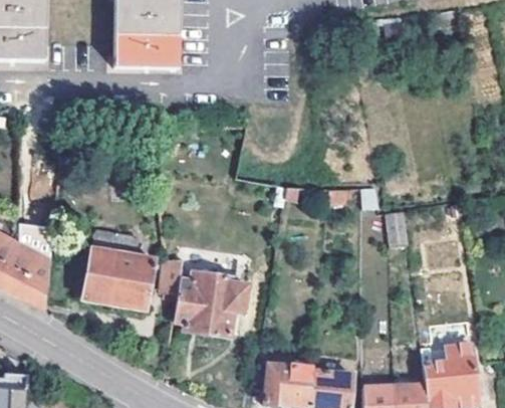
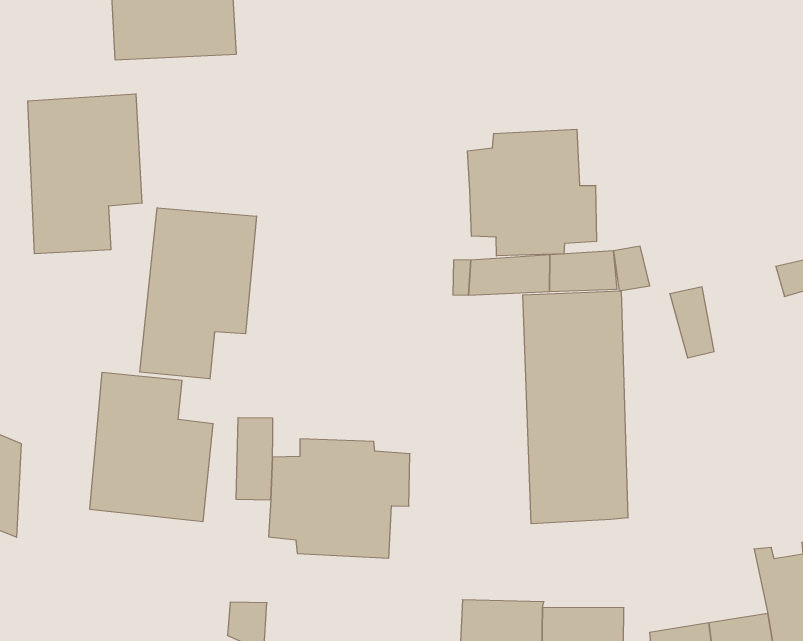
building: none -> [28,94,142,254]
building: none -> [468,129,597,256]
building: none -> [140,208,257,379]
building: none -> [523,291,628,524]

